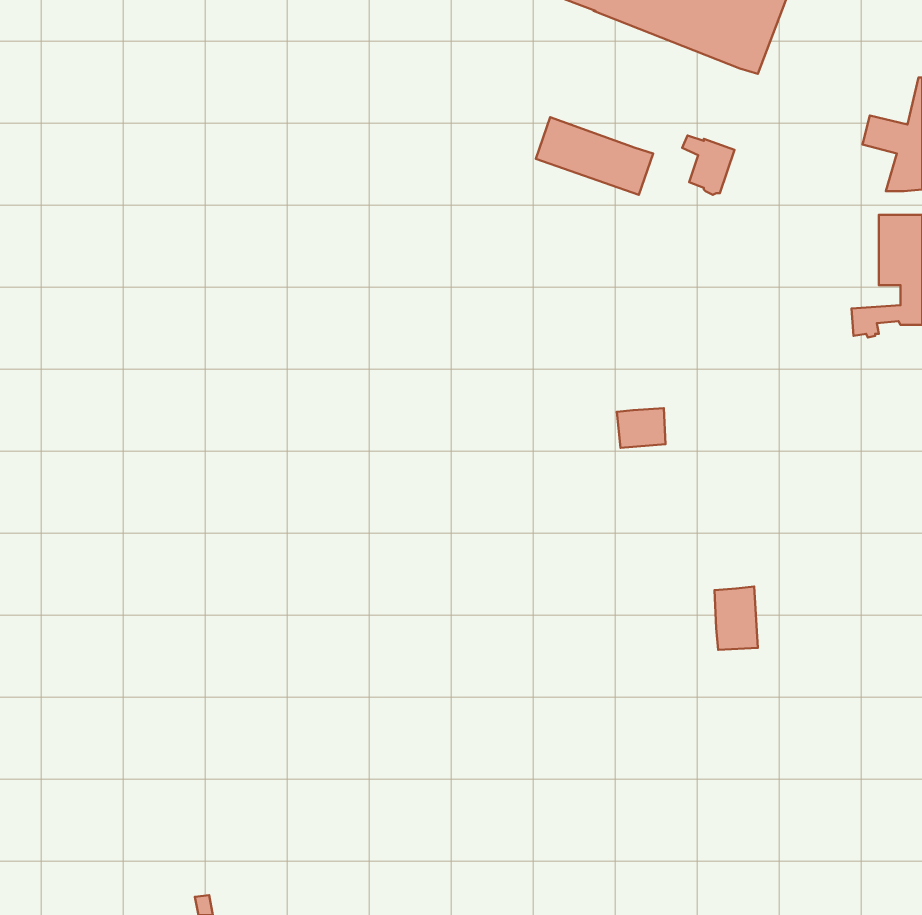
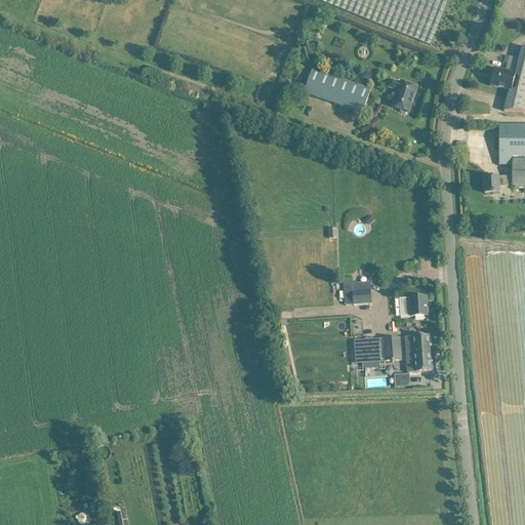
building: [617,408,666,448] -> [344,280,371,302]
building: none -> [399,294,428,314]
building: none -> [355,335,401,360]

